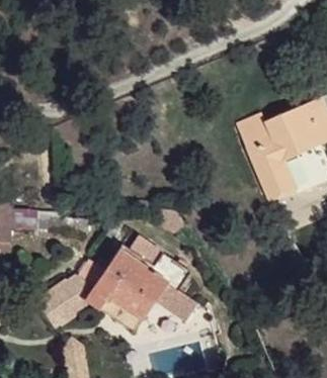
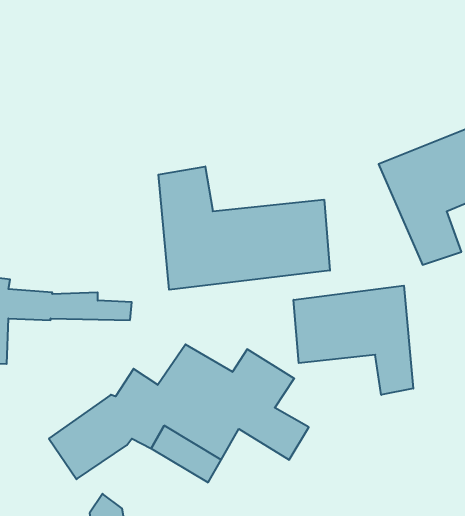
building: none -> [158,166,330,290]
building: none -> [294,286,413,395]

